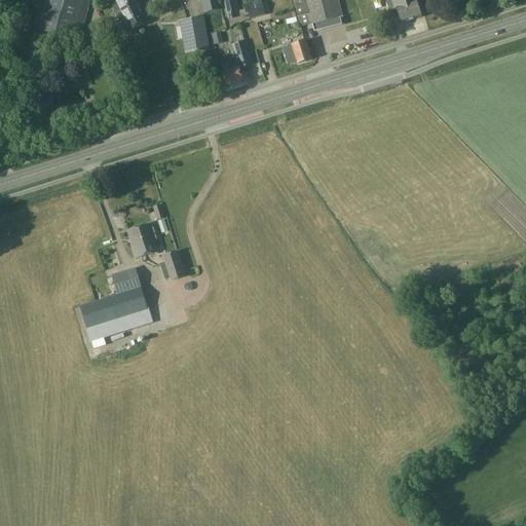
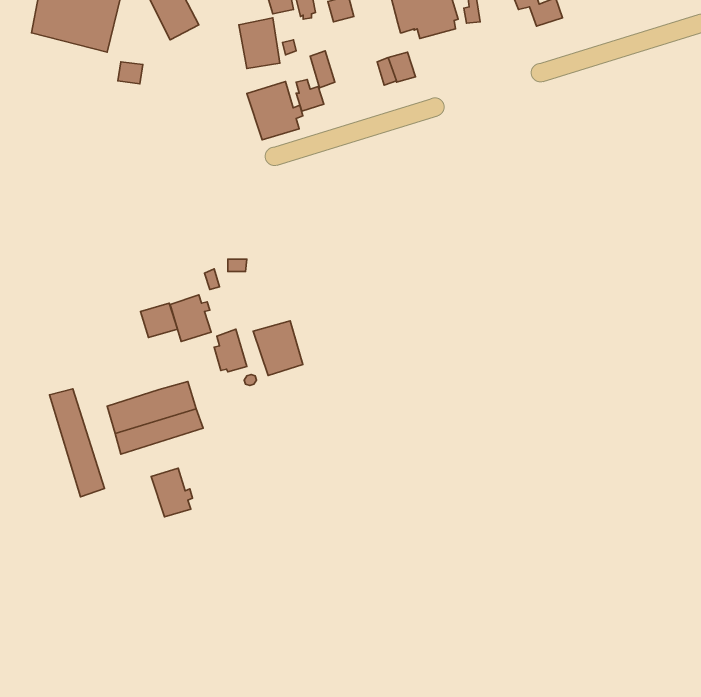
building: none -> [247,82,303,140]
building: none -> [253,321,303,375]
building: [113,266,141,292] -> [140,303,177,337]
building: none -> [49,389,104,497]
building: none -> [151,468,193,517]

